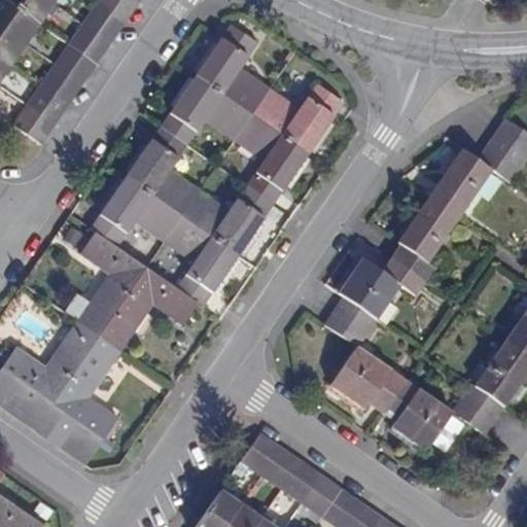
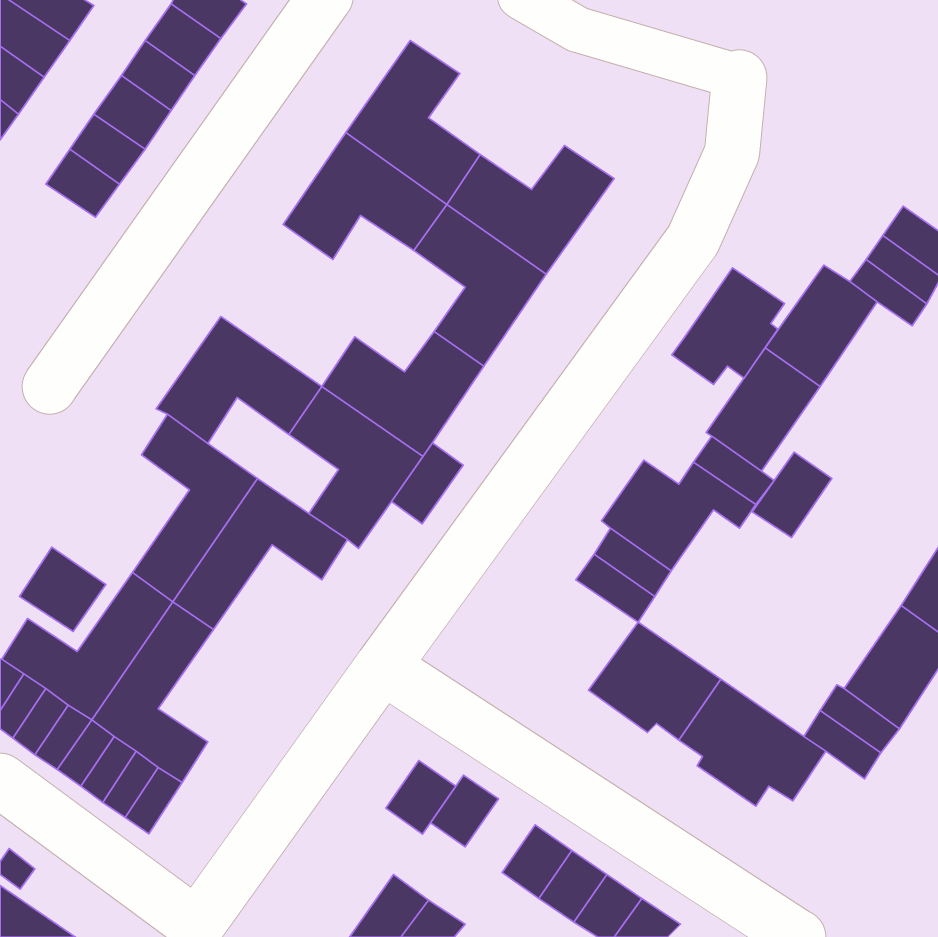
building: [12,103,55,143] -> none
building: [125,126,200,216] -> none
building: none -> [672,268,784,385]
building: none -> [391,443,463,524]
building: none -> [752,452,832,537]
building: none -> [20,547,106,632]
building: [261,447,301,488] -> [386,760,456,834]

